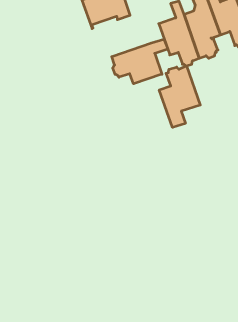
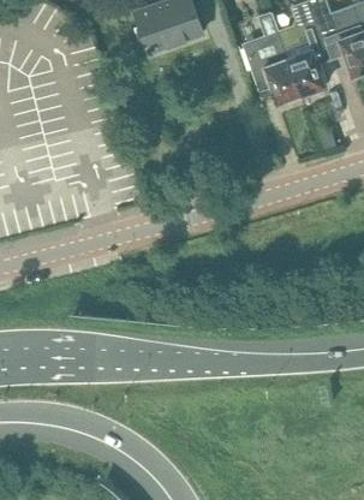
building: [112,39,168,84] -> none
building: [159,66,200,127] -> none

